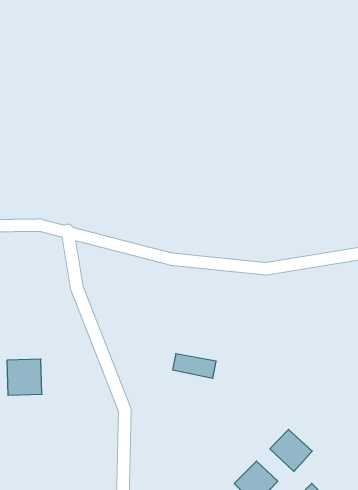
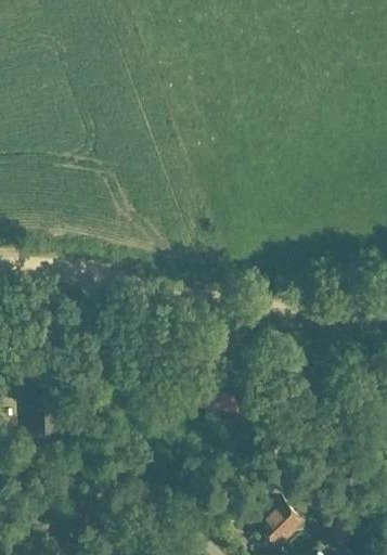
building: [270,429,312,471] -> none

